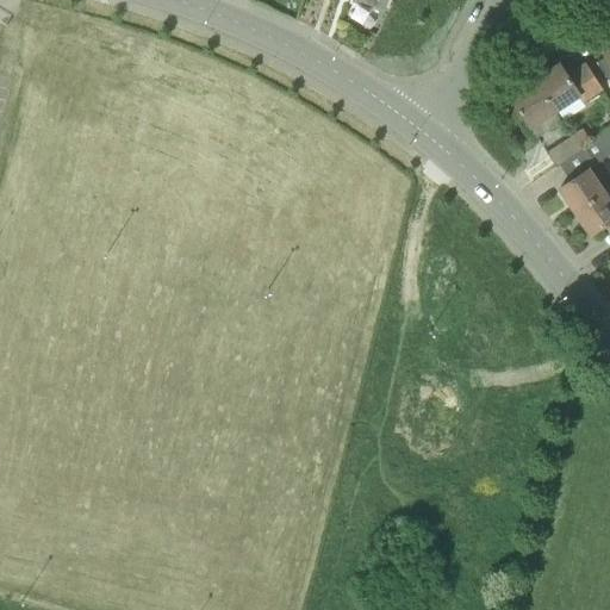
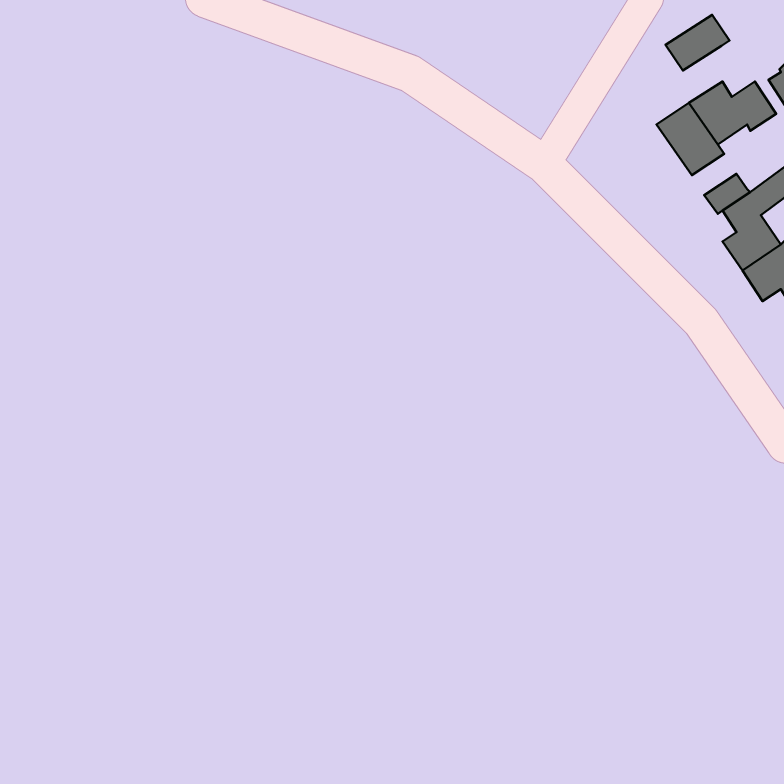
building: none -> [665,15,730,71]

